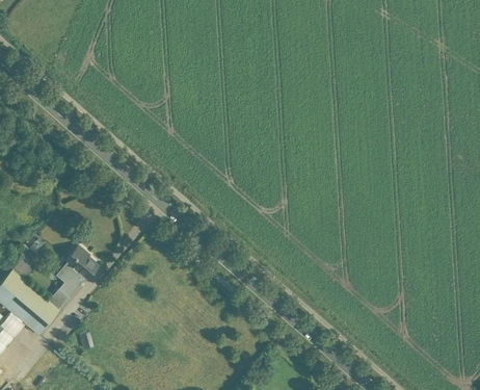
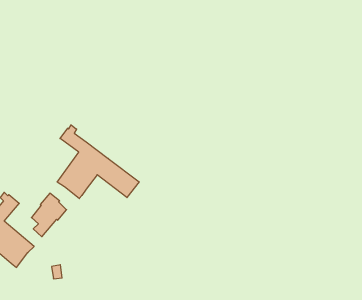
building: none -> [57,125,139,199]

